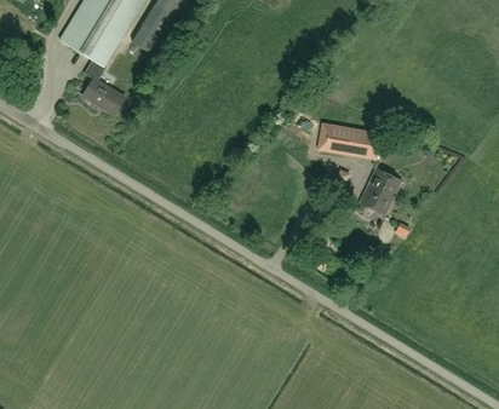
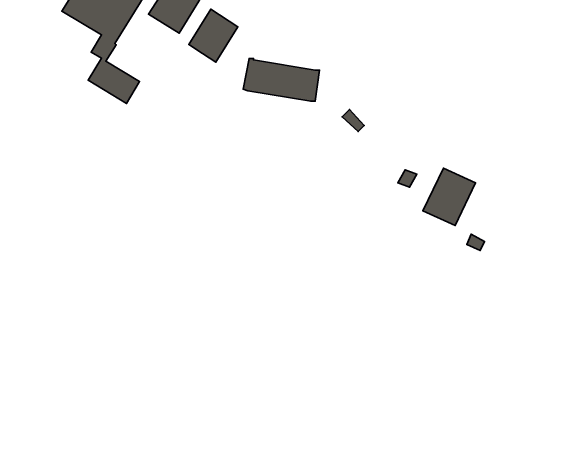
building: none -> [189,9,238,62]
building: [316,123,379,159] -> [243,58,320,101]

